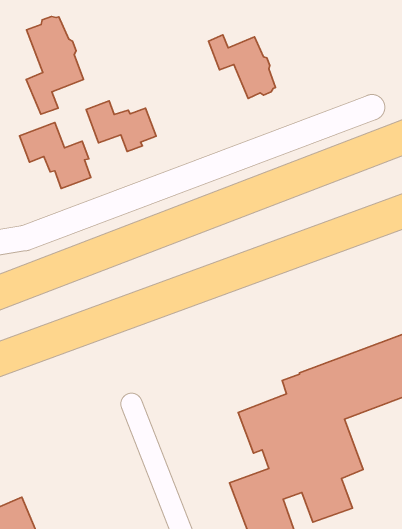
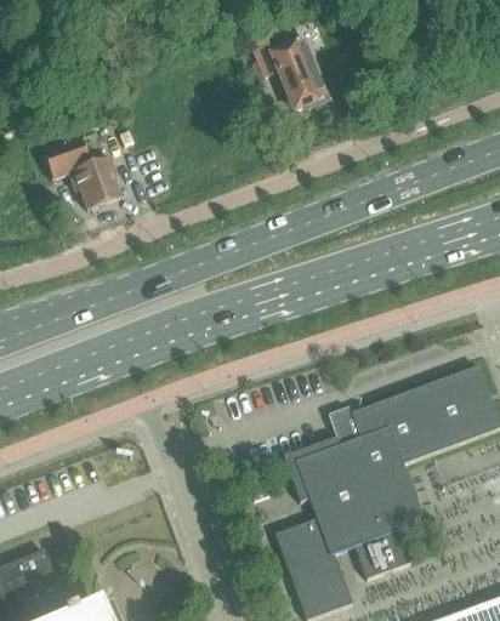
building: [26,16,83,114] -> none
building: [86,101,156,152] -> none

